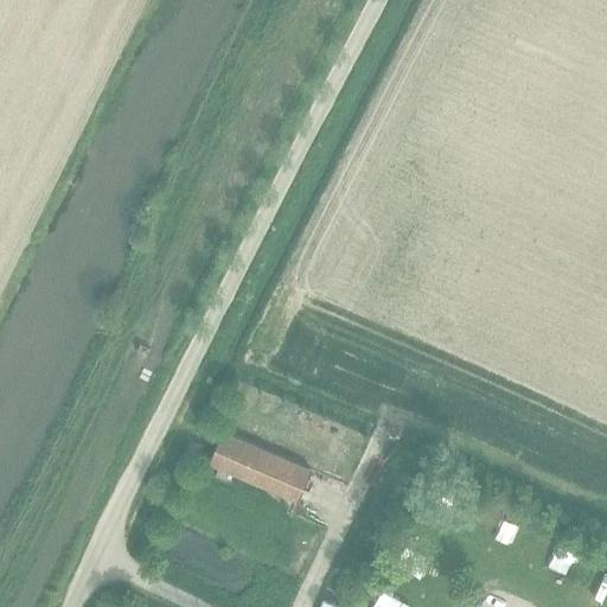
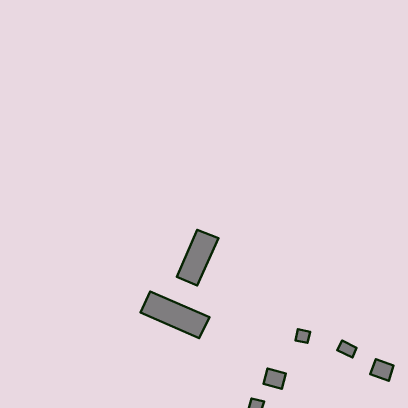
building: none -> [177,230,218,285]

